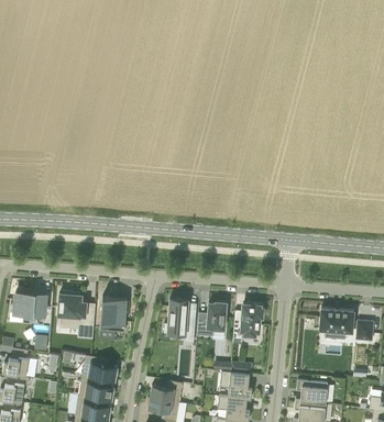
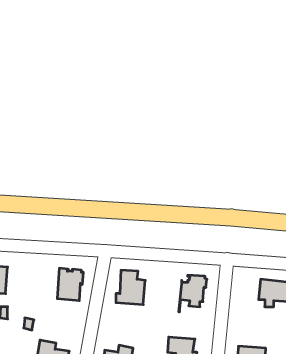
building: [57,291,95,340] -> none
building: [197,302,229,336] -> none
building: [81,356,117,381] -> none

